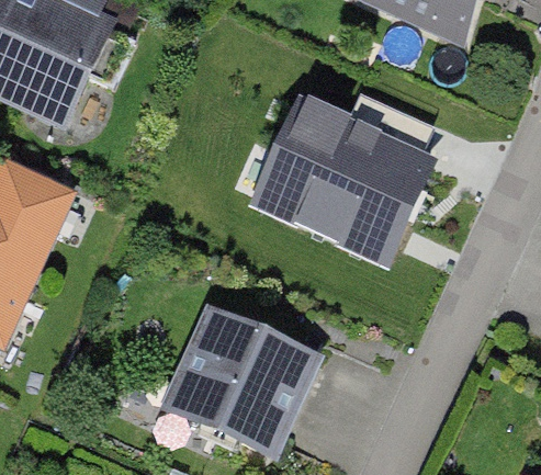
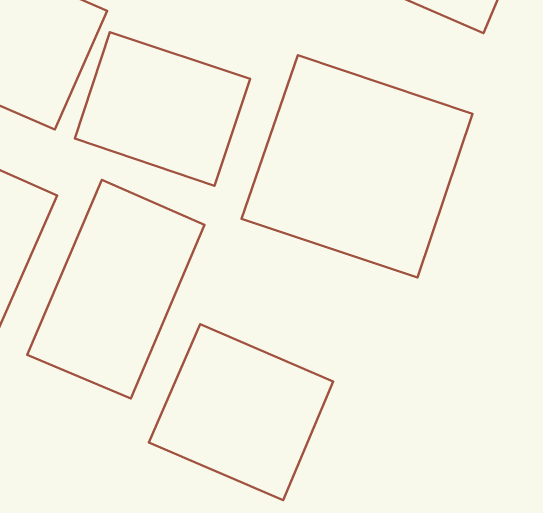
building: none -> [75,32,250,186]
building: none -> [27,180,205,398]

